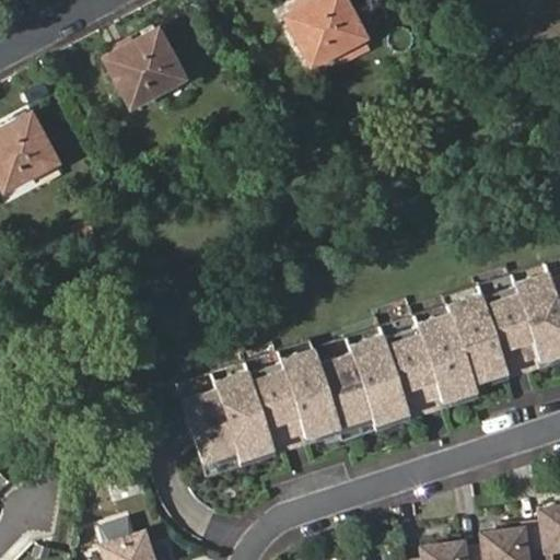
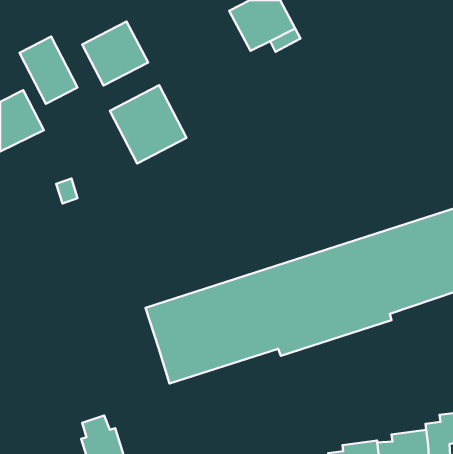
building: none -> [19,37,77,104]
building: none -> [110,85,186,163]

